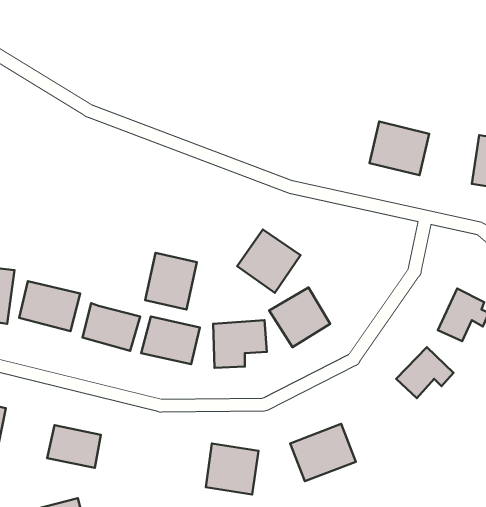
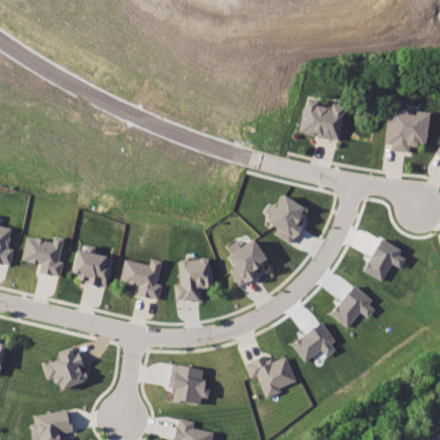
building: [237,230,301,293] -> [264,195,316,247]
building: [145,253,197,310] -> none
building: none -> [290,322,338,361]

